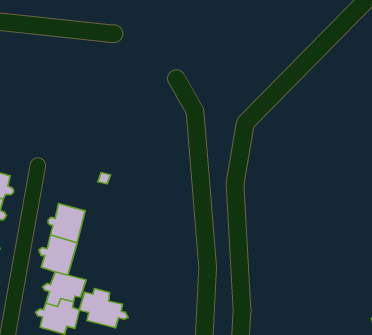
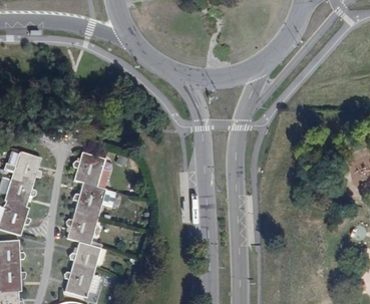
building: none -> [70,153,109,189]
building: [79,289,128,328] -> none

